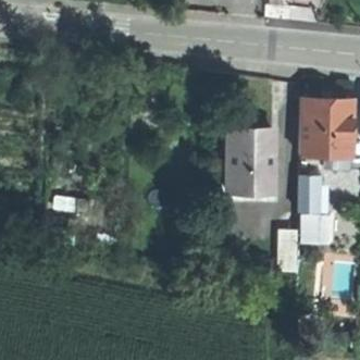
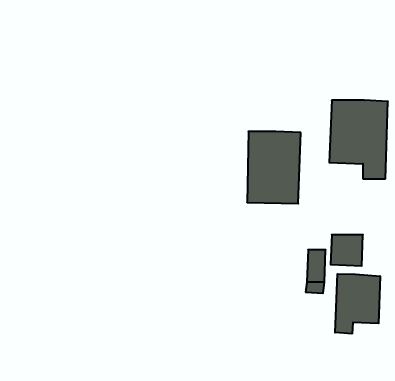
building: [299,178,328,215] -> none
building: none -> [335,274,380,334]

